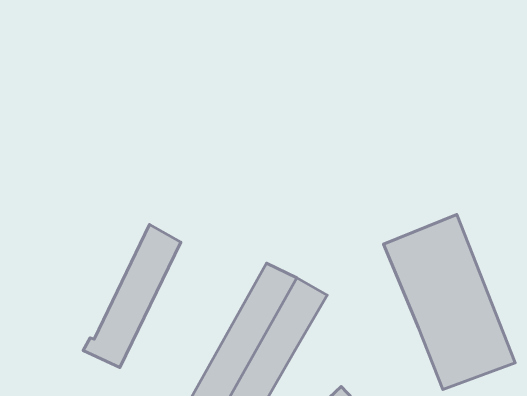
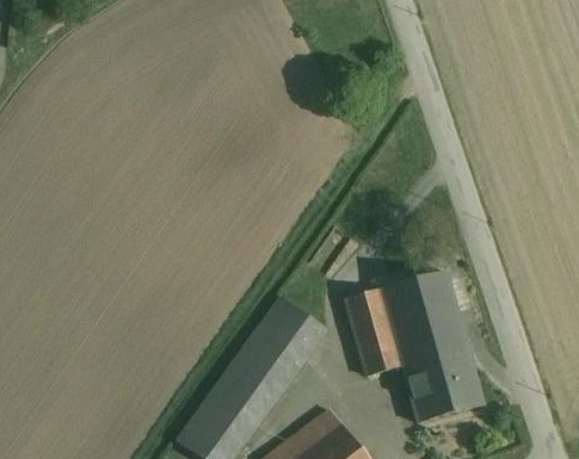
building: [83,225,181,367] -> none
building: none -> [347,290,404,376]

